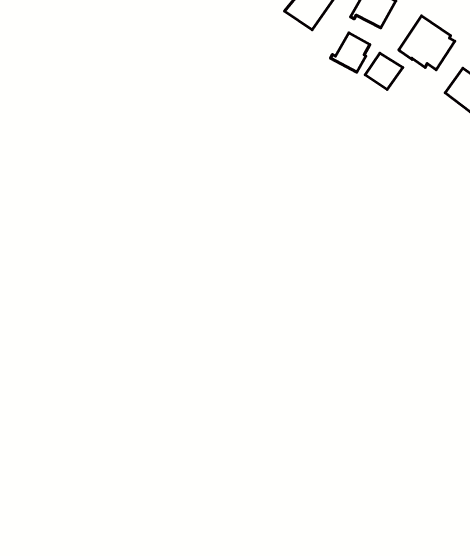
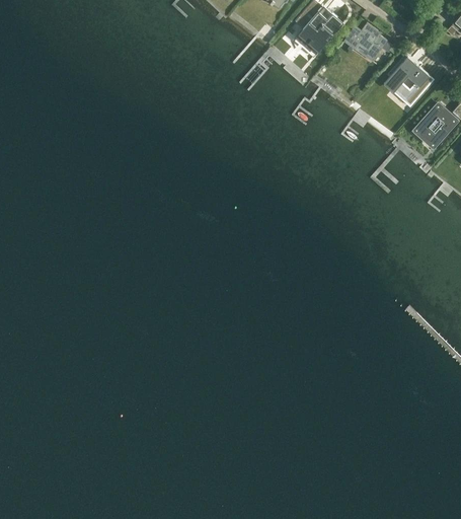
building: [330,33,370,72] -> none
building: [365,53,403,89] -> none

